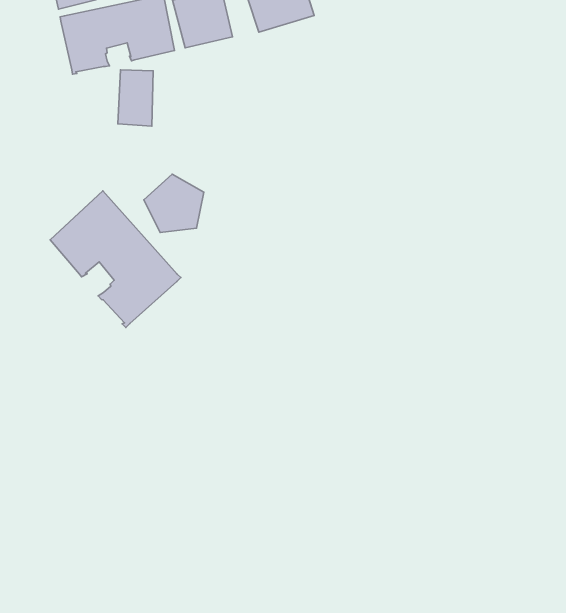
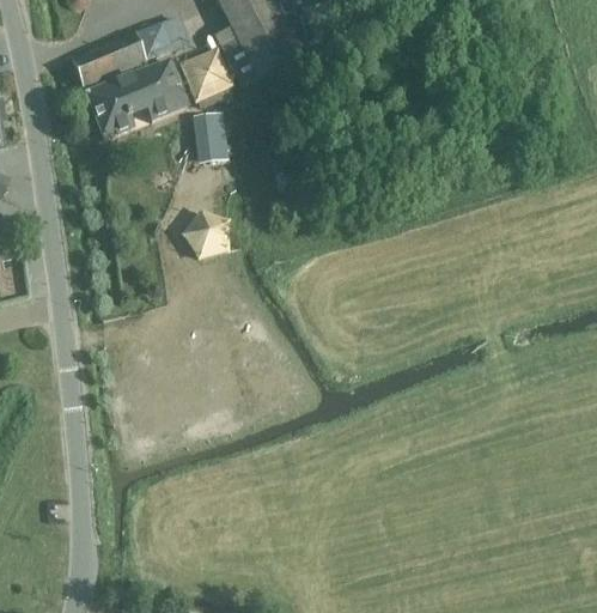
building: [118,70,153,126] -> [193,113,226,162]
building: [50,191,181,327] -> none

